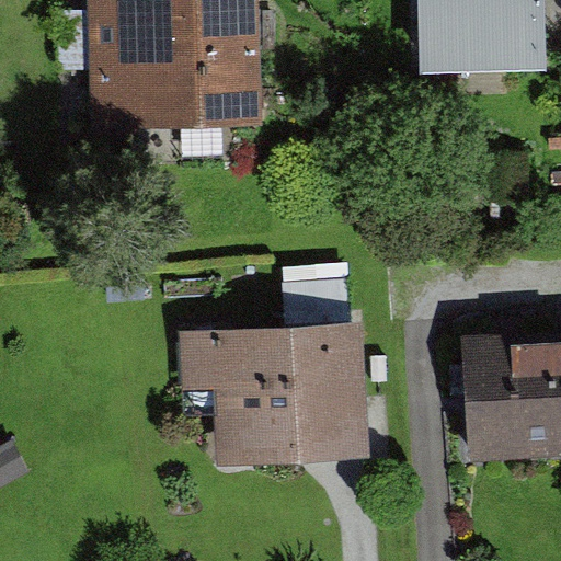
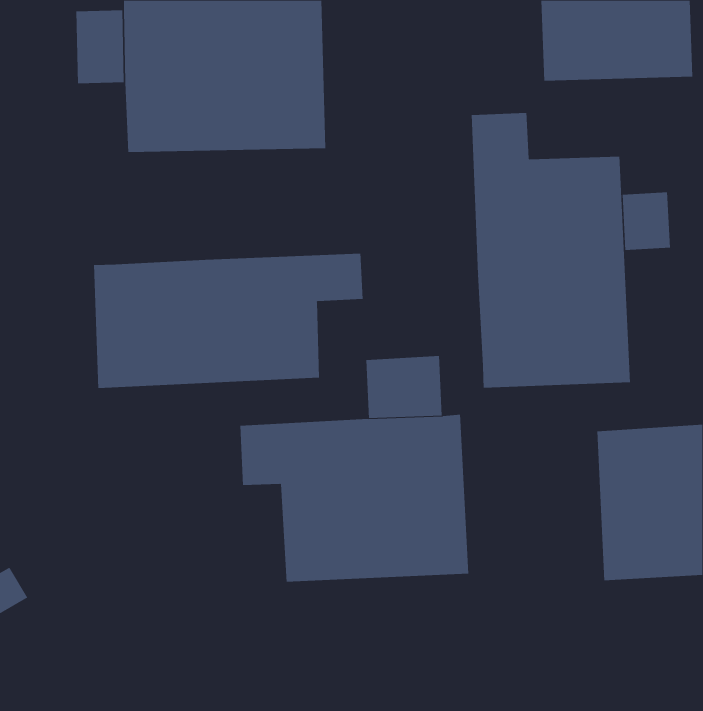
building: none -> [471,112,631,388]
building: none -> [93,253,363,389]

